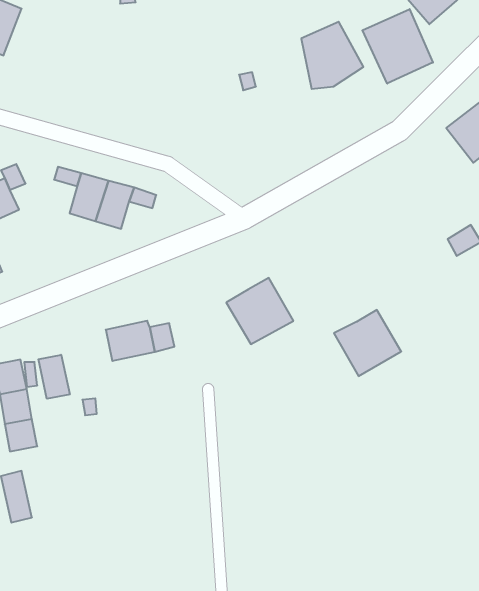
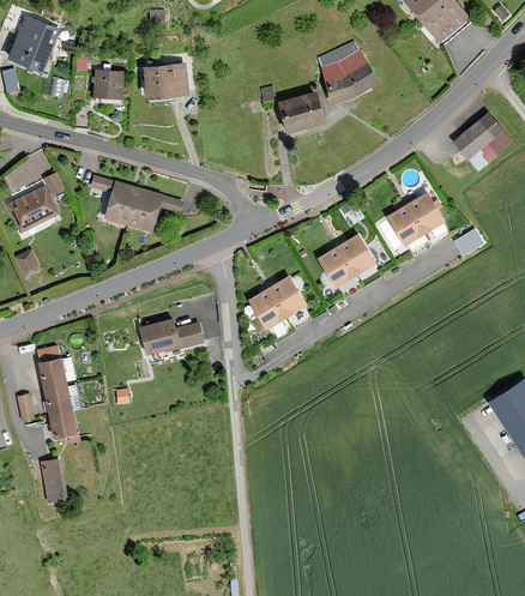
building: [362,9,433,84] -> none
building: none -> [144,61,189,97]
building: none -> [93,68,125,96]
building: none -> [276,92,326,134]
building: none -> [388,194,449,257]
building: [334,310,401,376] -> [318,236,380,297]
building: [38,355,70,399] -> none

